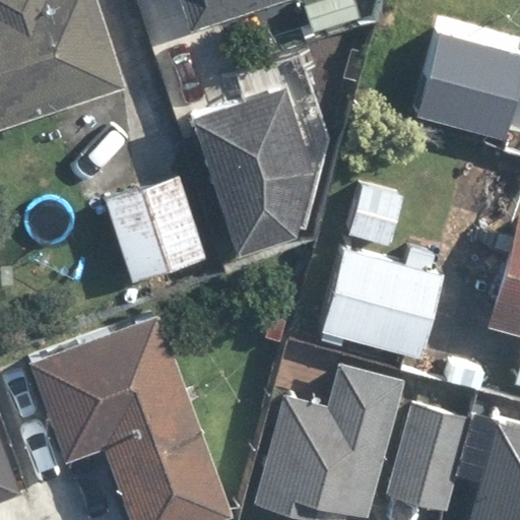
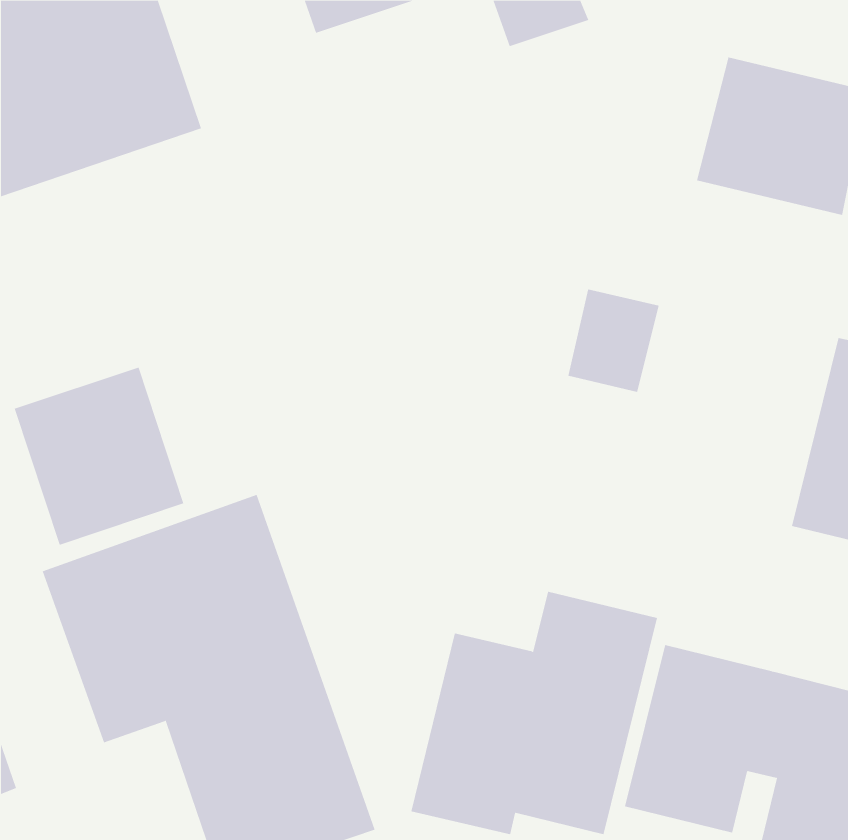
building: [193,86,314,254] -> none
building: [104,177,207,285] -> [14,367,184,545]
building: [295,248,443,373] -> none

